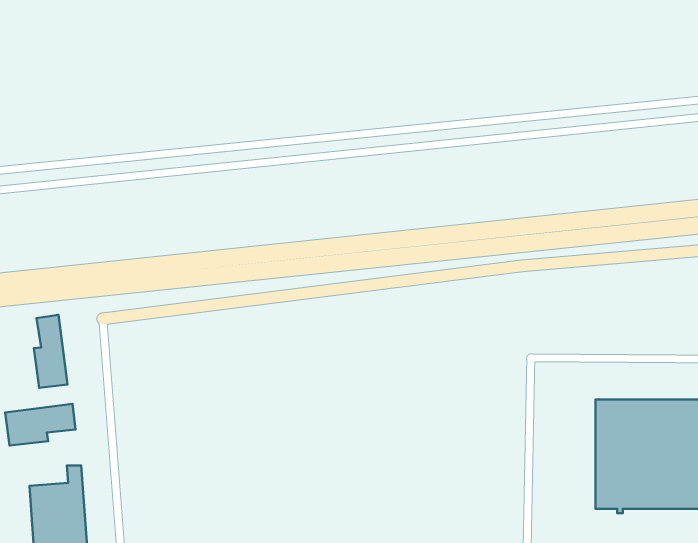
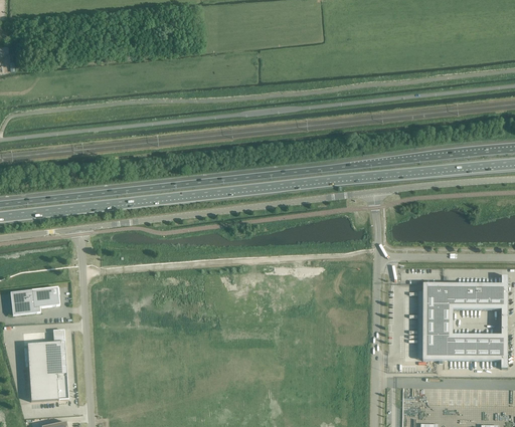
building: [34,315,67,388] -> none

